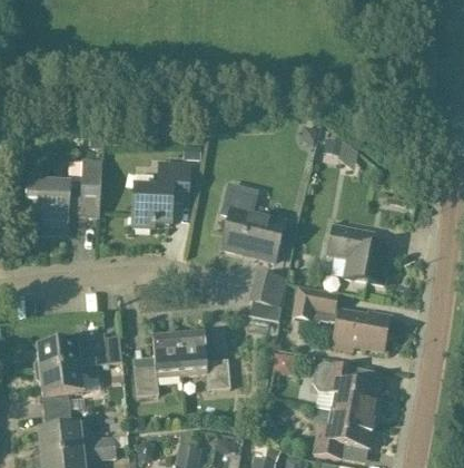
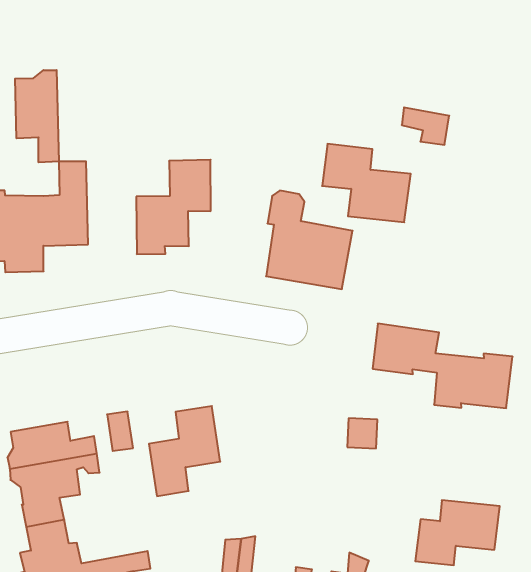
building: none -> [15,70,59,162]
building: [327,226,389,284] -> [322,144,411,222]
building: [247,271,286,322] -> none
building: [178,333,229,390] -> none
building: [312,362,379,419] -> none

